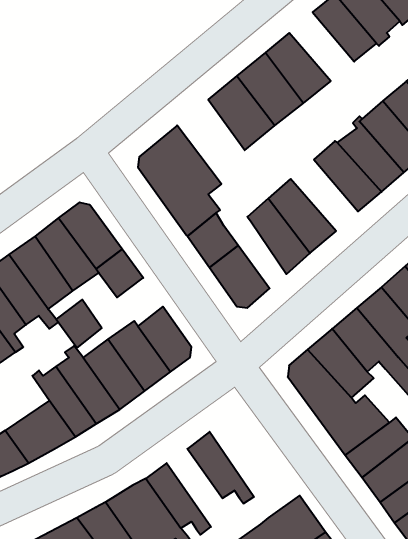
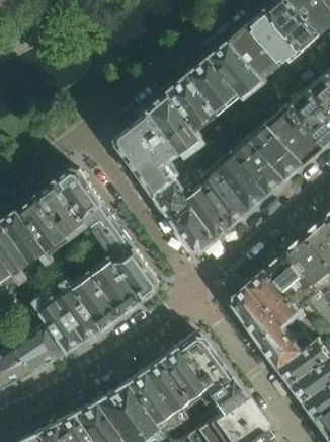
building: none -> [233,21,283,75]
building: none -> [146,89,205,160]
building: none -> [234,136,286,192]
building: none -> [176,167,231,236]
building: [56,300,102,348] -> [99,228,135,266]
building: none -> [171,336,241,415]
building: none -> [138,361,181,422]

